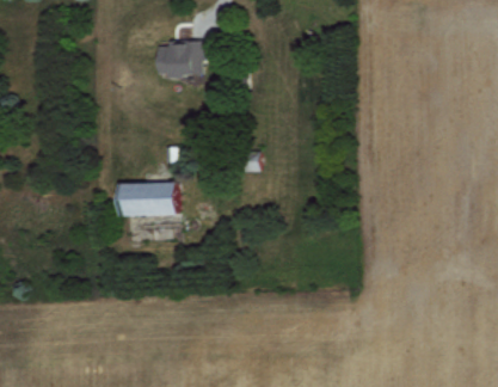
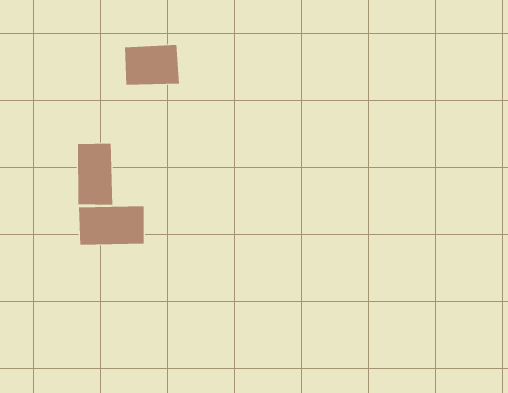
building: none -> [77,143,113,206]

